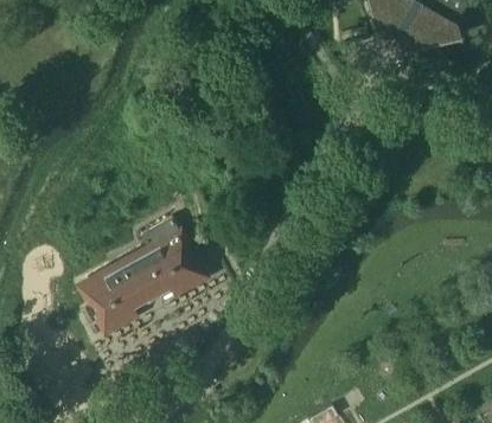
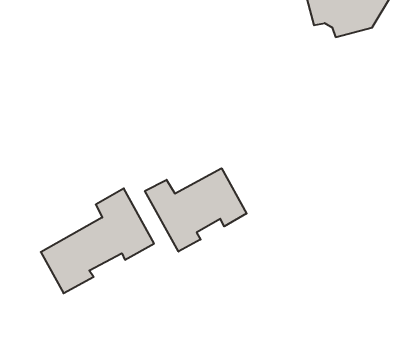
building: none -> [145,168,247,252]

